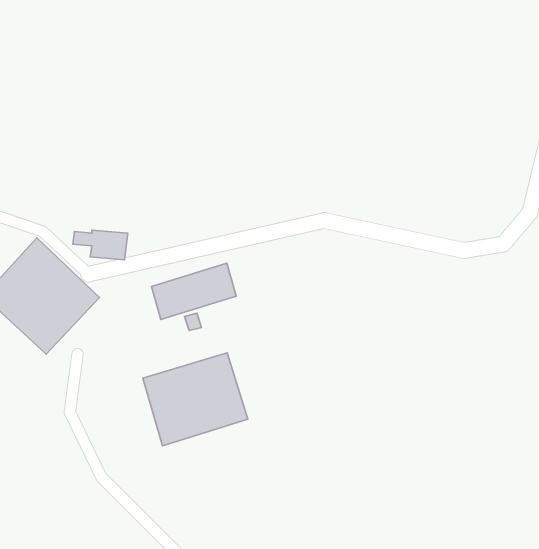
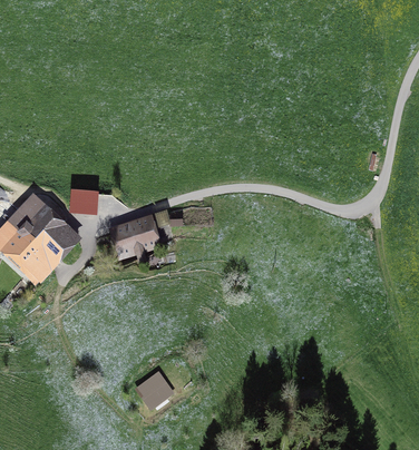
building: [143,353,248,446] -> none
building: none -> [138,375,170,408]

